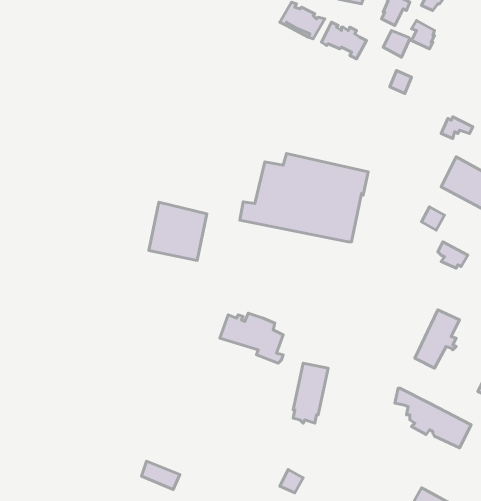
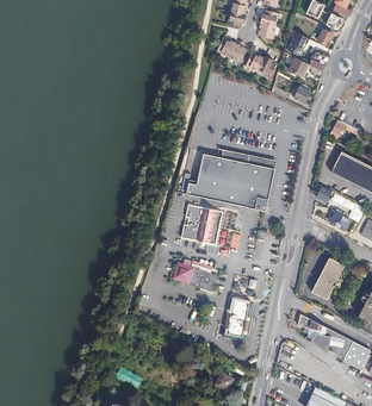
building: [149,202,207,260] -> [180,204,222,245]

